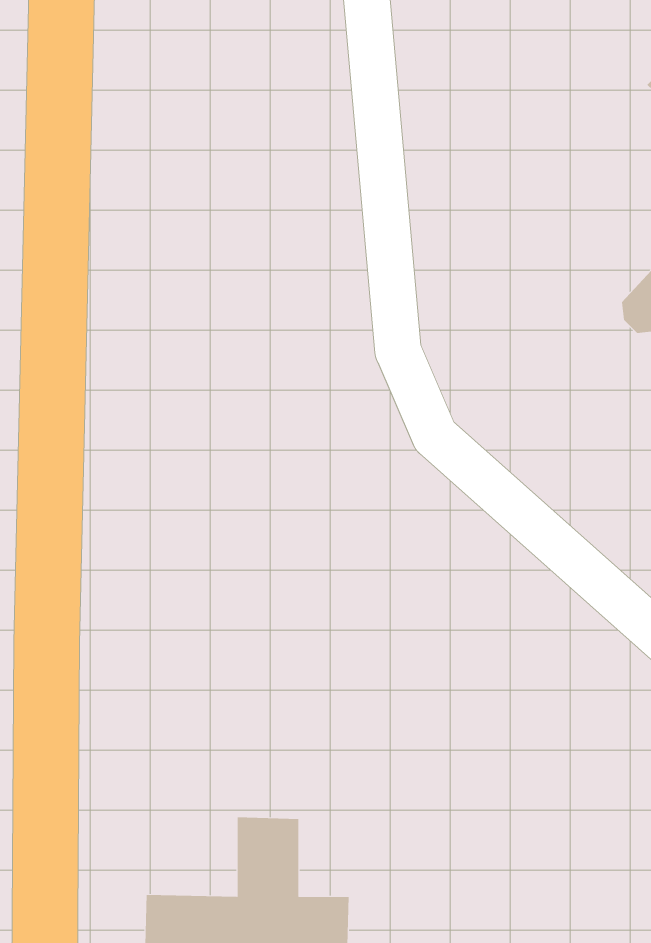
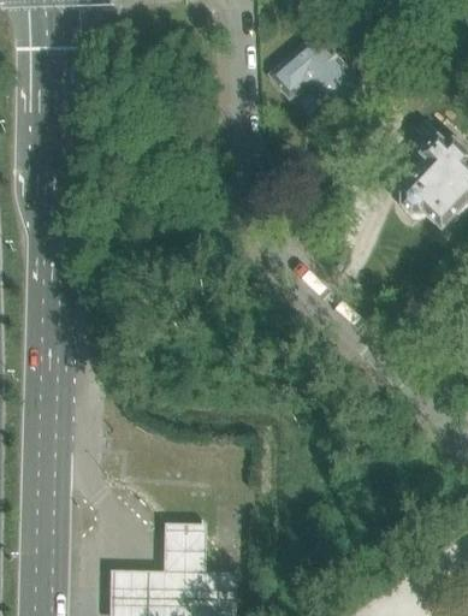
building: none -> [269,45,362,112]

